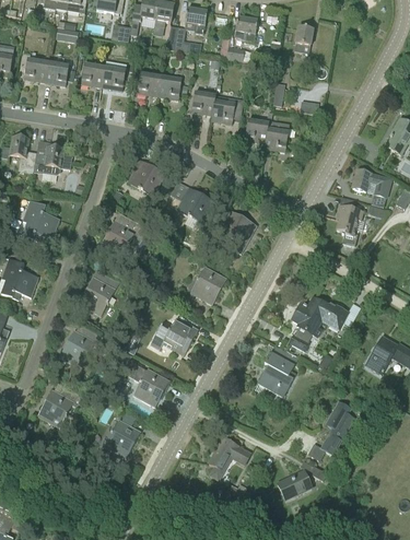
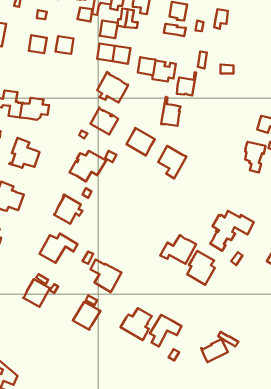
building: [24,58,48,82] -> none
building: [102,66,126,90] -> [100,20,118,38]
building: none -> [97,72,128,103]
building: [263,111,290,151] -> [161,97,181,126]
building: [190,266,226,304] -> none
building: [150,317,198,355] -> [160,235,196,264]
building: [320,400,355,455] -> none
building: none -> [121,308,152,340]

